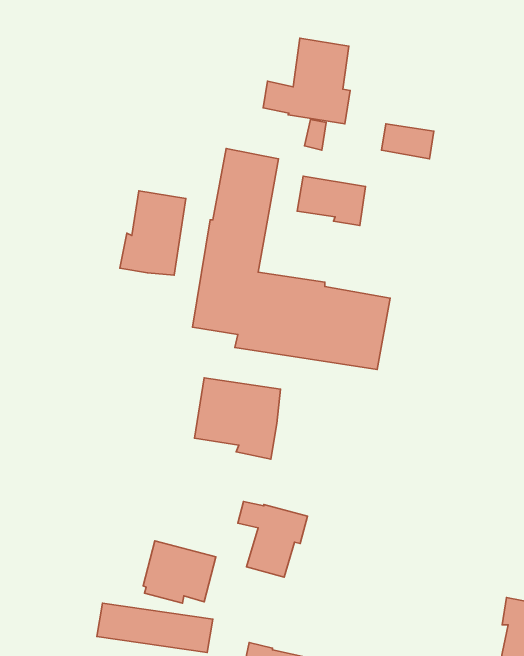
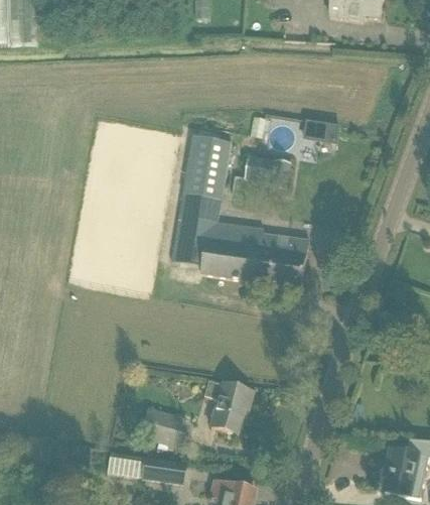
building: [263,38,350,124] -> none
building: [120,191,186,275] -> none
building: [194,378,280,459] -> none

